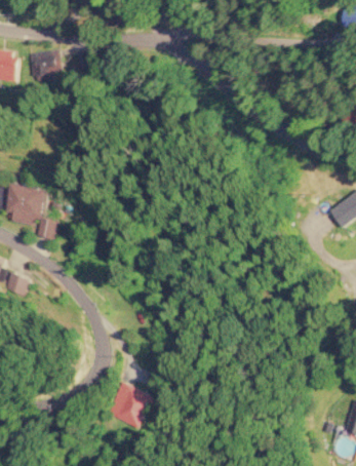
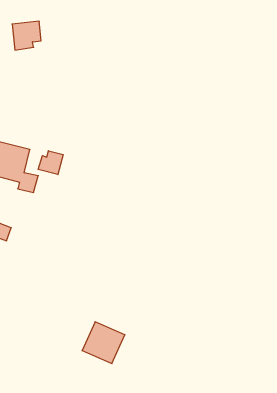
building: none -> [38,151,63,175]

